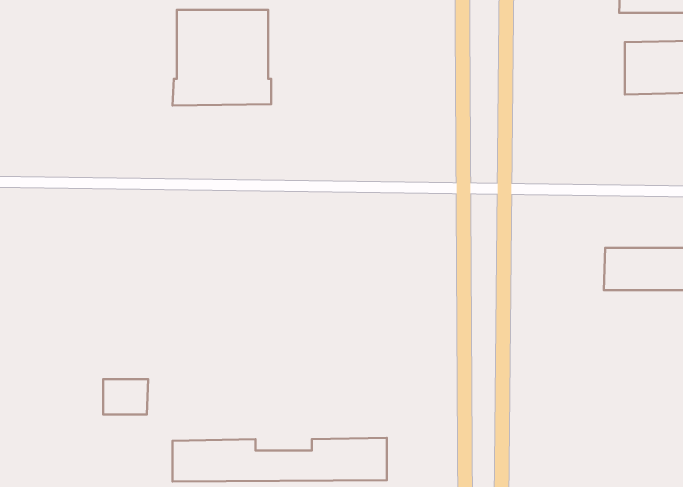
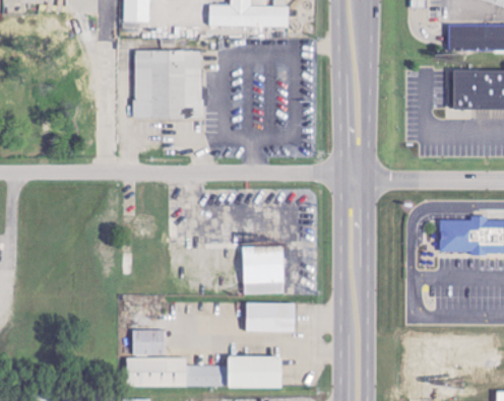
building: none -> [243,247,285,294]
building: none -> [246,304,296,332]
building: [103,379,148,414] -> [133,330,166,355]

